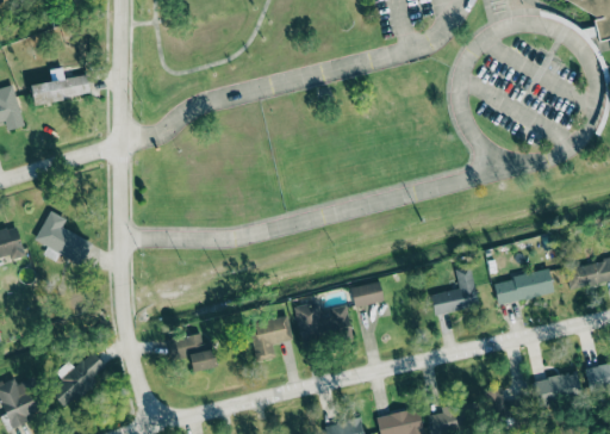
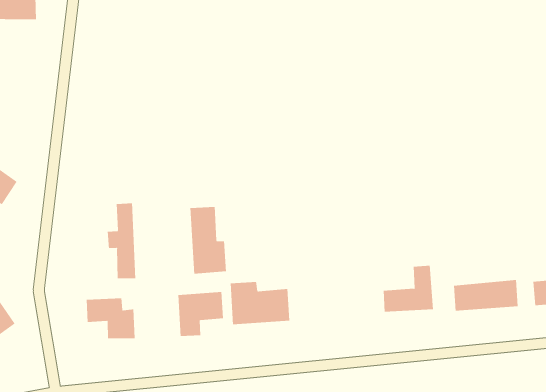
building: none -> [190,206,227,275]
building: none -> [107,203,136,279]
building: [351,283,382,306] -> none

